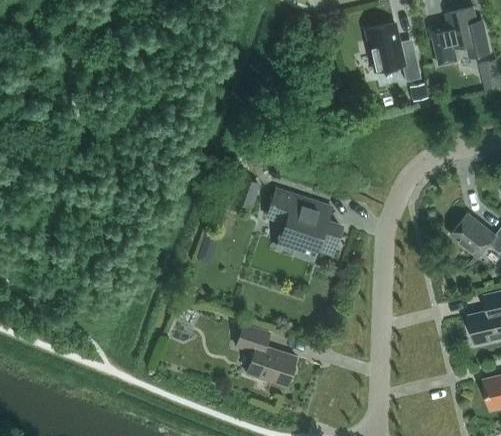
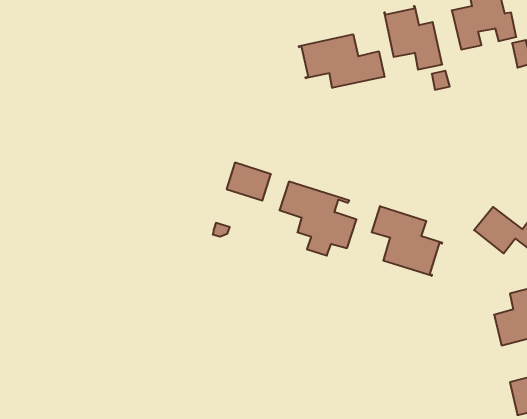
building: none -> [299,34,384,88]
building: none -> [372,206,442,276]
building: [236,324,296,386] -> none

